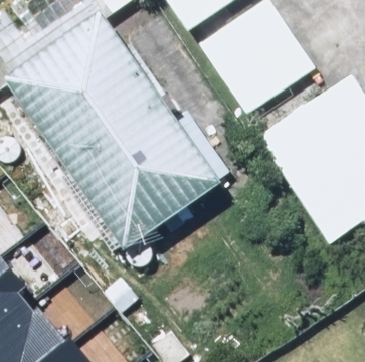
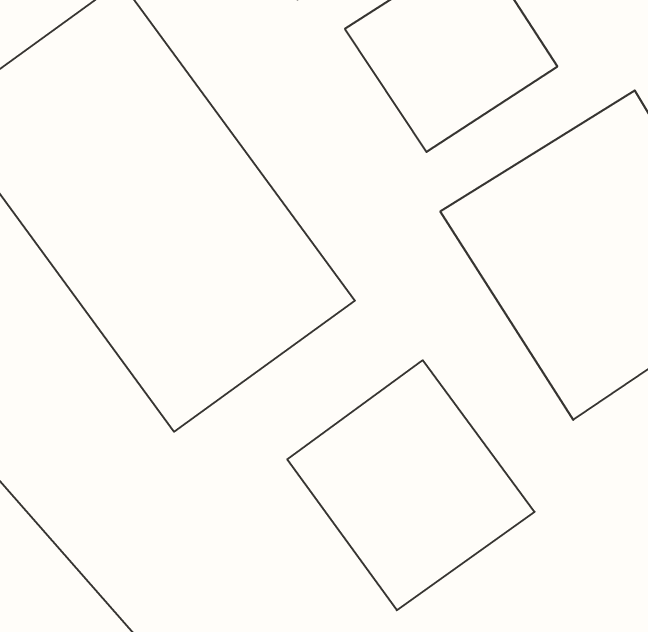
building: none -> [287,360,535,610]

